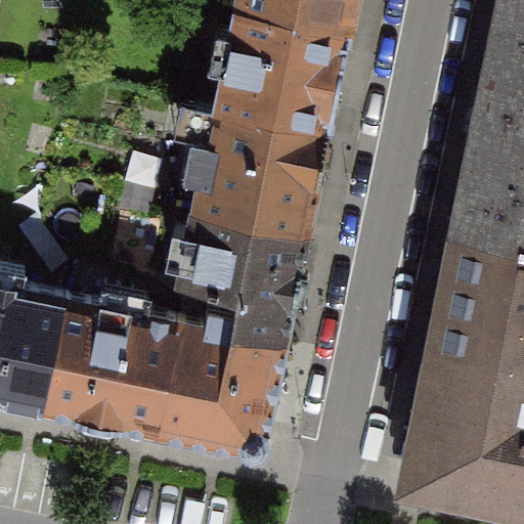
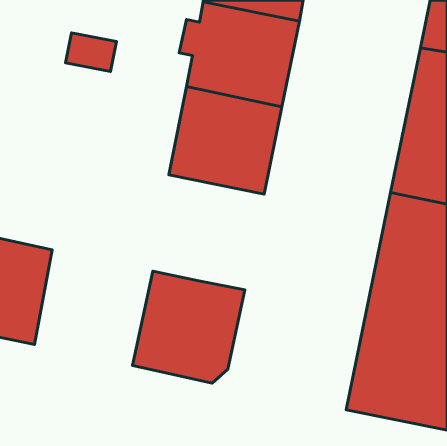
building: [179,209,306,342] -> none
building: [40,296,177,430] -> none

